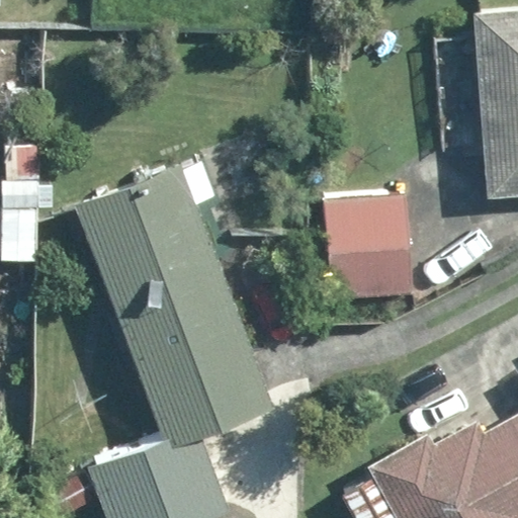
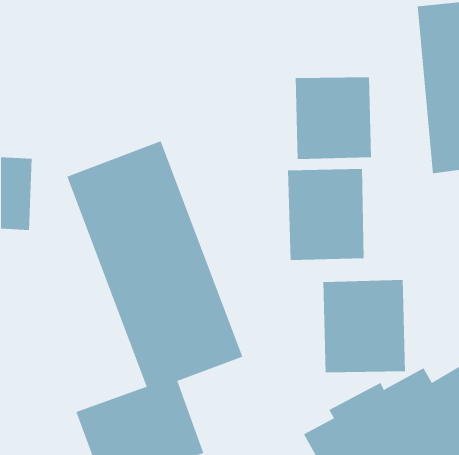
building: none -> [295,76,371,160]
building: none -> [323,279,406,373]

